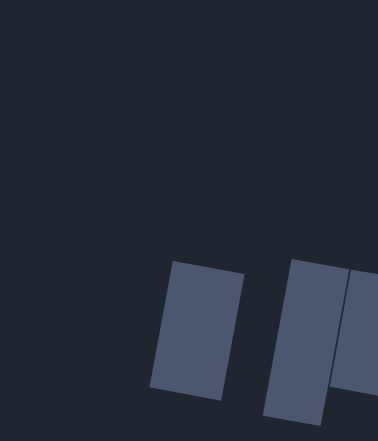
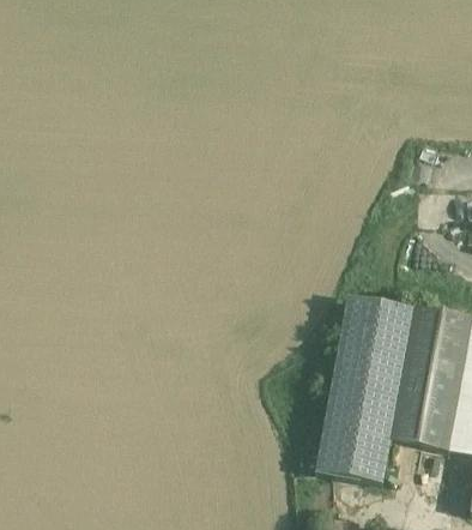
building: [149,260,245,401] -> none

